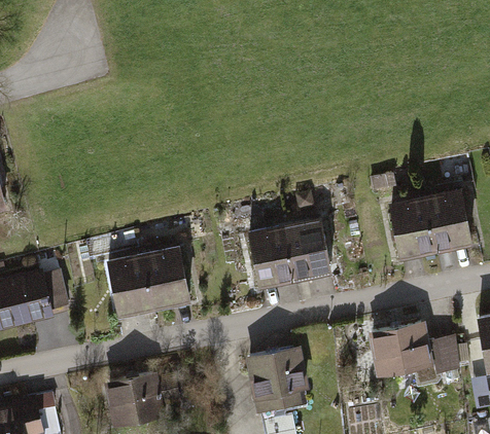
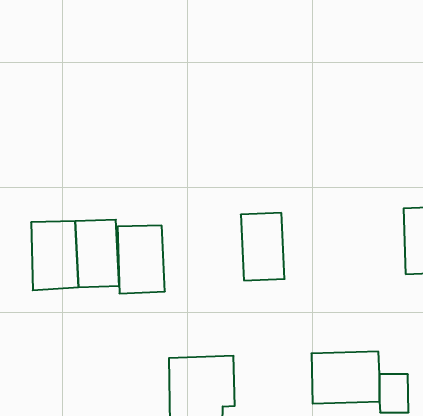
building: [386,194,436,259] -> none
building: [247,223,298,288] -> [118,226,165,293]
building: [103,372,180,426] -> none

